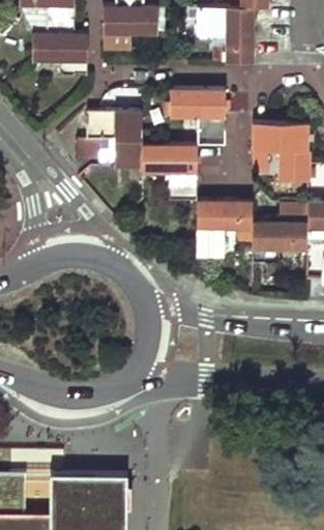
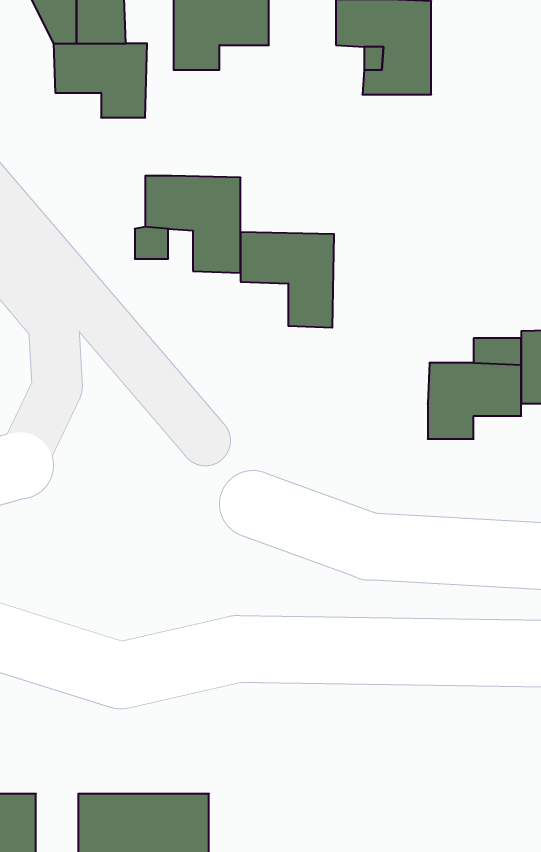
building: [171,89,225,144] -> none
building: [252,123,307,178] -> none
building: [196,199,253,255] -> none

